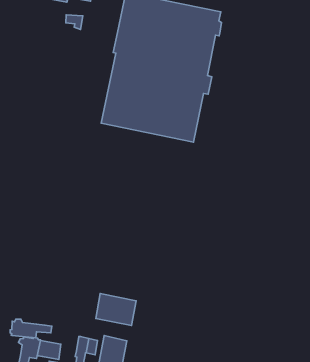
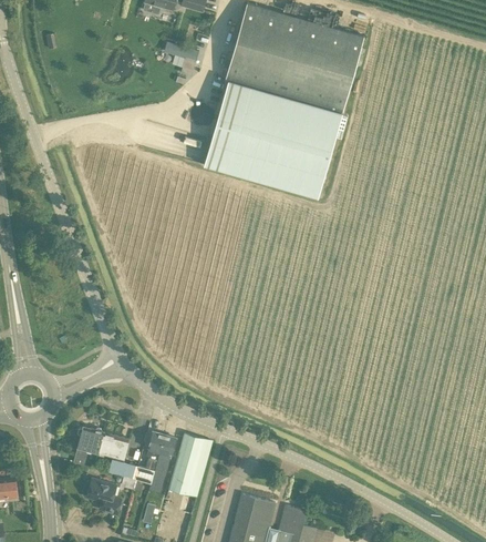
building: [96,294,136,326] -> none
building: [10,319,52,338] -> none

